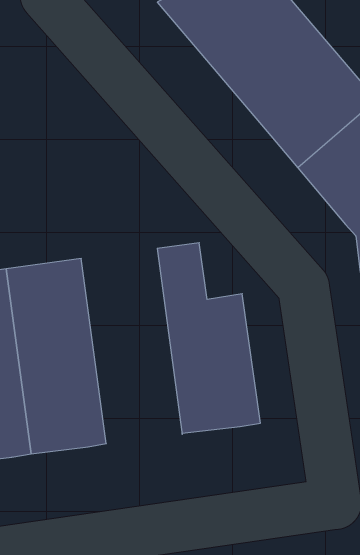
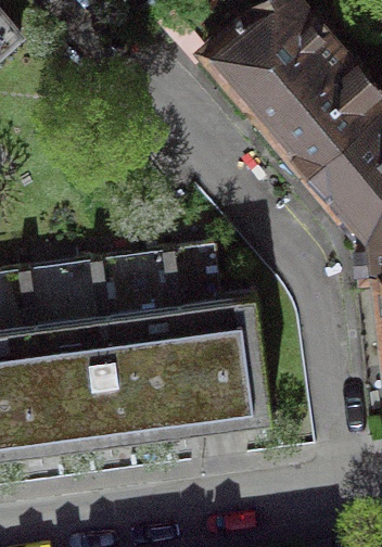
building: none -> [101,250,198,436]

